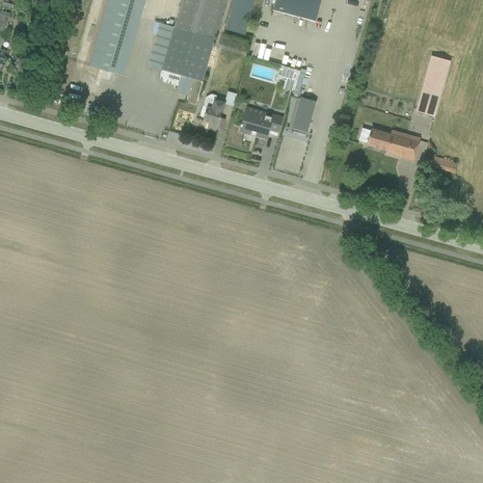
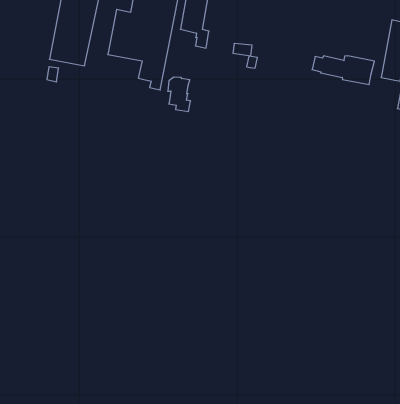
building: [291,96,315,130] -> none
building: [239,105,283,137] -> none
building: [357,127,420,159] -> [312,56,374,85]

